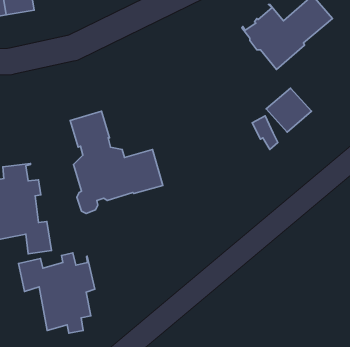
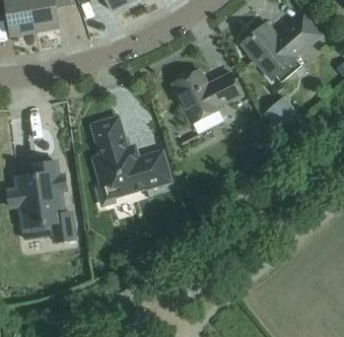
building: none -> [174,71,243,125]
building: [18,253,95,333] -> none

